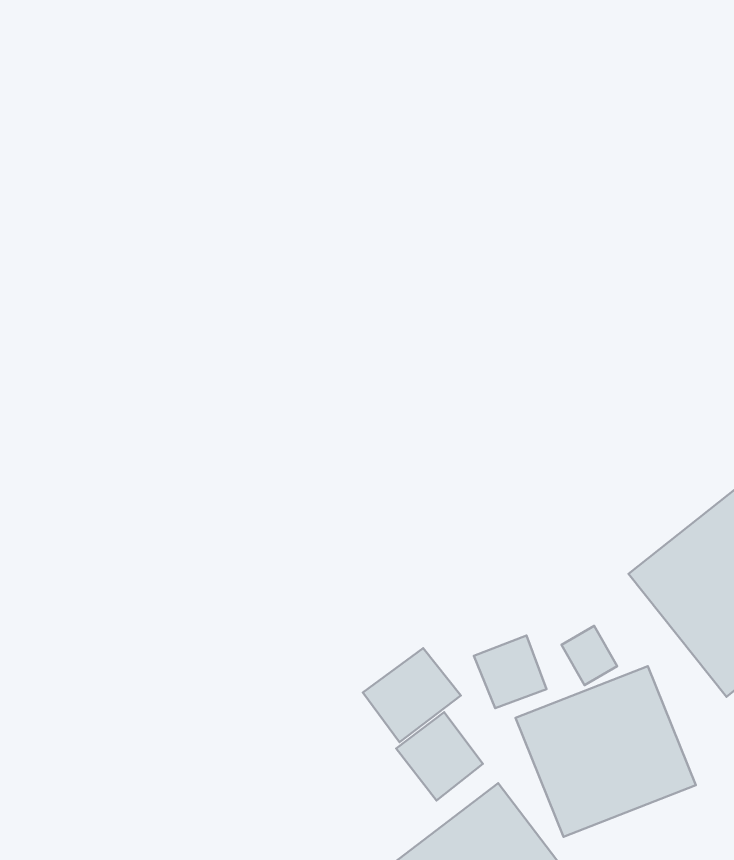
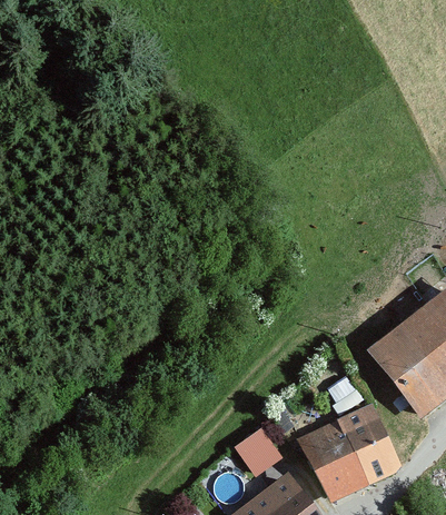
building: [474,635,547,708] -> none
building: [363,648,461,742] -> none

